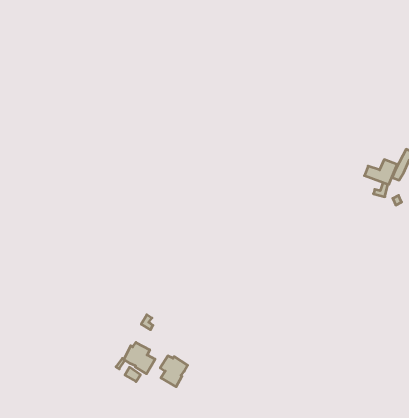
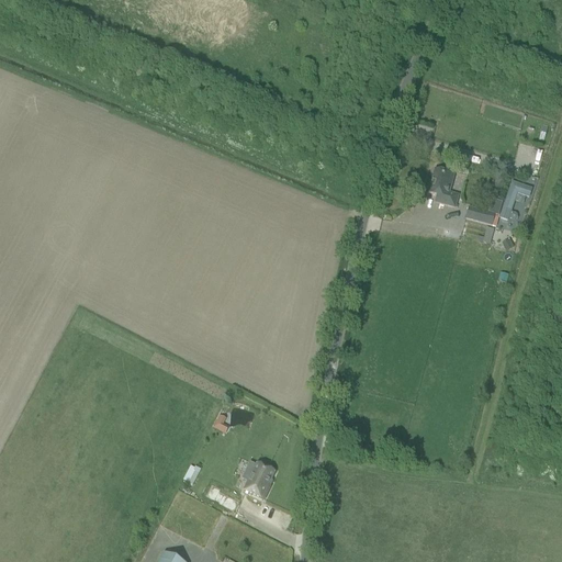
building: none -> [428,168,460,206]
building: [124,342,155,374] -> none

